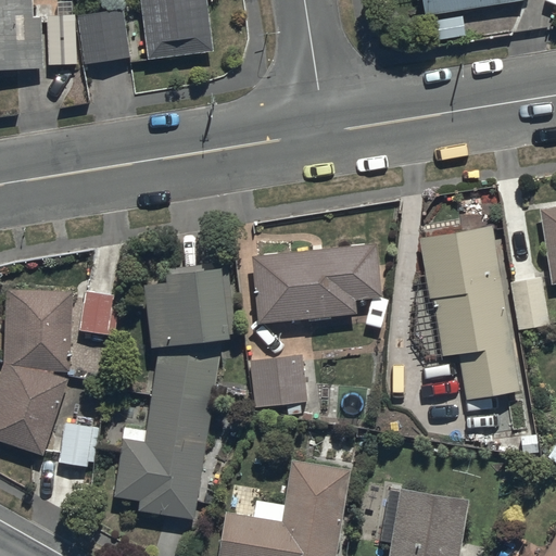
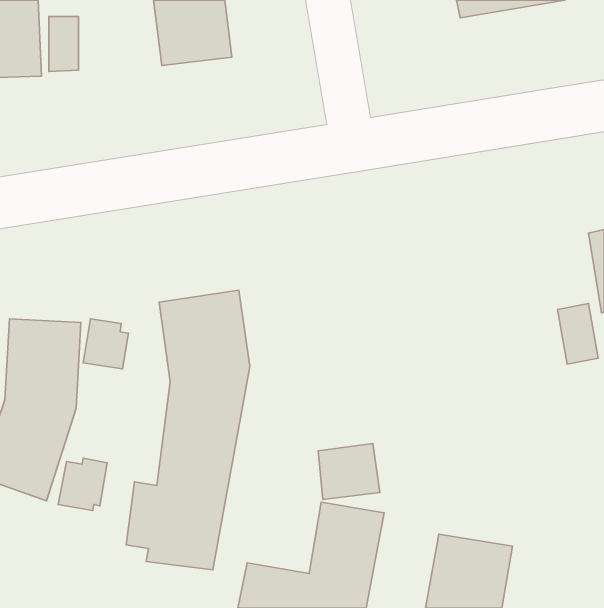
building: [79,9,128,64] -> none
building: [419,226,519,401] -> none
building: [252,241,383,325] -> none
building: [249,356,305,407] -> [318,444,380,500]

